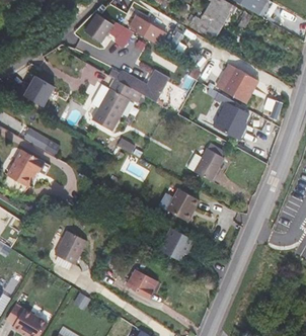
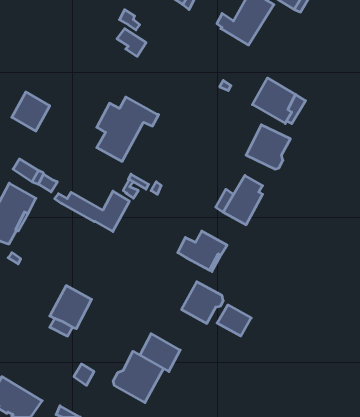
building: [82,11,113,43] -> none
building: [128,14,167,47] -> none
building: [108,69,168,101] -> [55,191,129,232]
building: none -> [217,305,251,336]
building: none -> [113,351,163,403]

